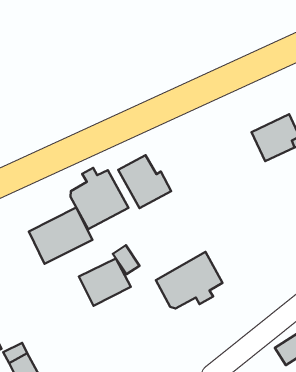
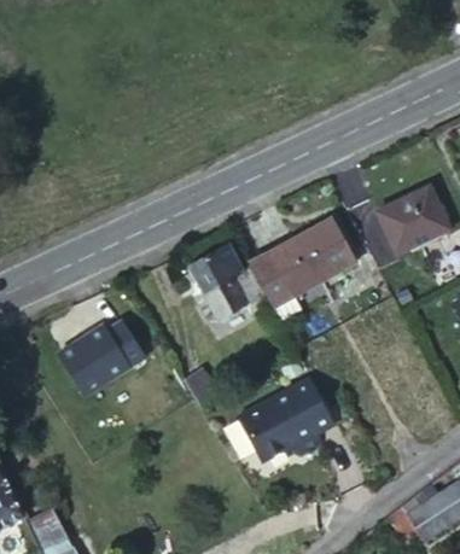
building: none -> [246,217,355,319]
building: [70,168,129,229] -> none
building: [79,258,131,306] -> none

